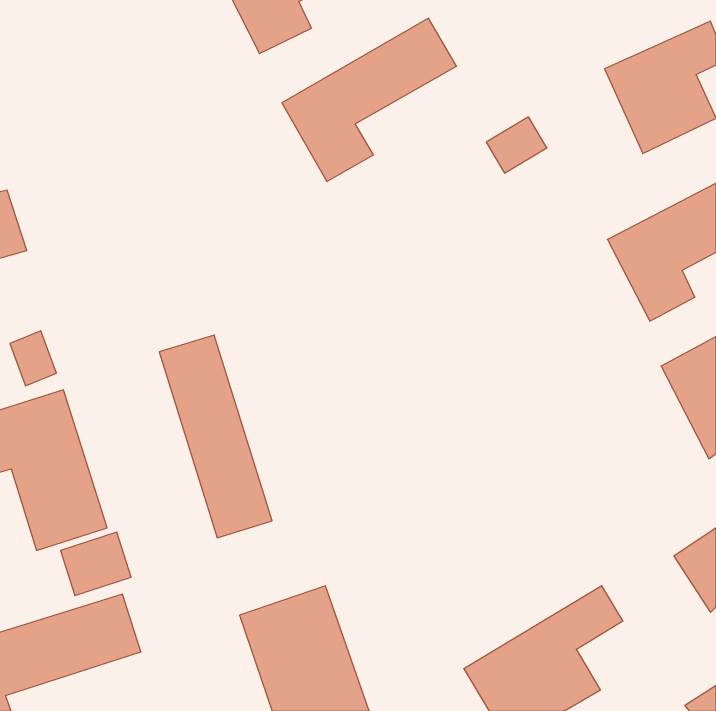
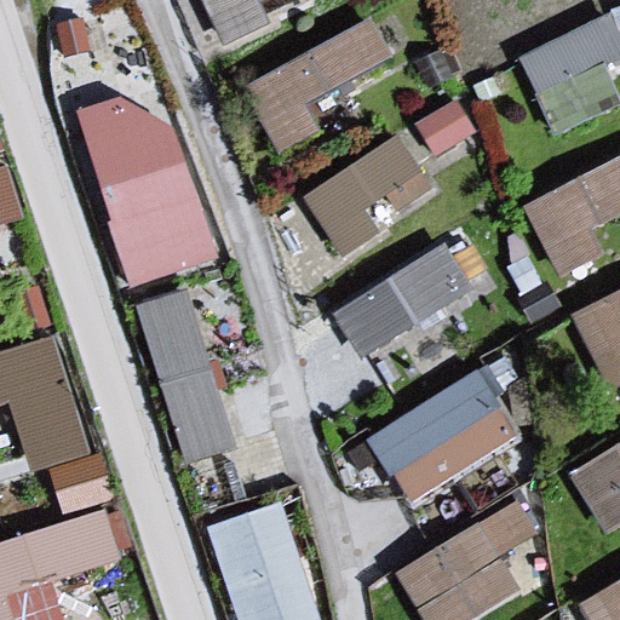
building: none -> [71,70,219,268]
building: none -> [306,138,419,256]
building: none -> [337,246,471,357]
building: none -> [372,374,515,500]

